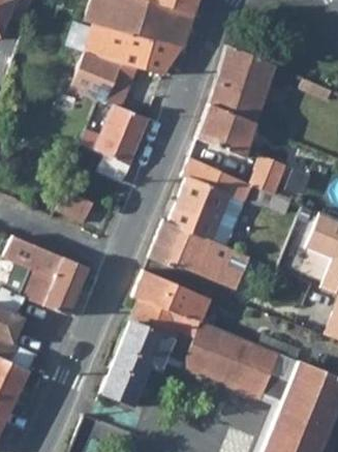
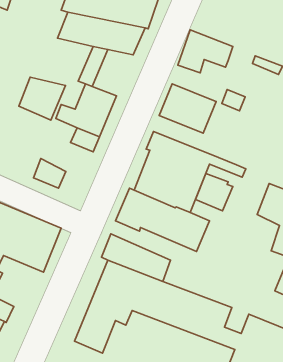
building: [71,55,123,102] -> [19,77,66,120]
building: [211,79,291,124] -> none
building: [252,154,294,195] -> [196,173,233,211]

